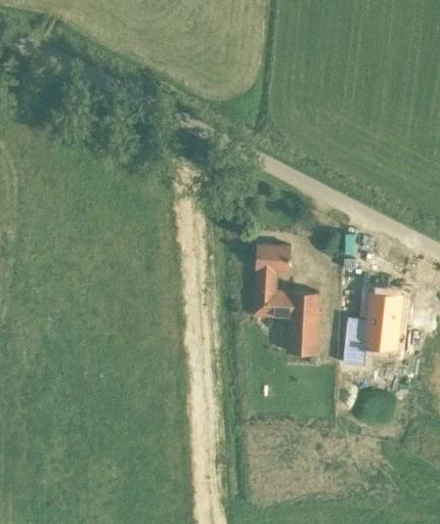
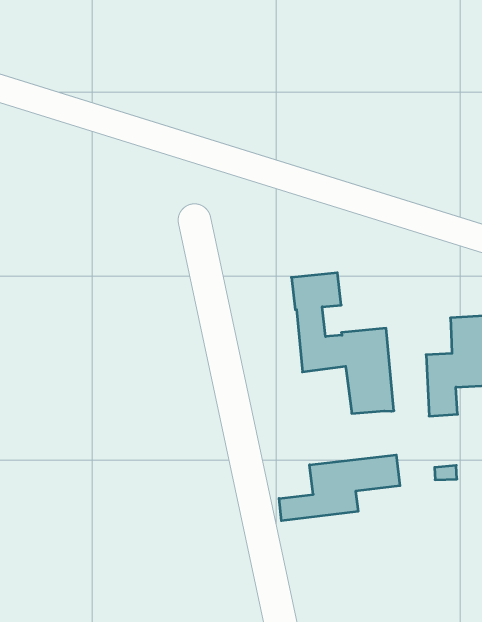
building: none -> [279,455,400,521]

